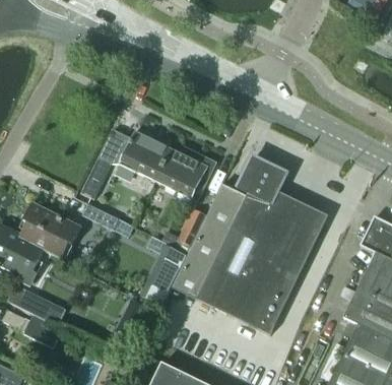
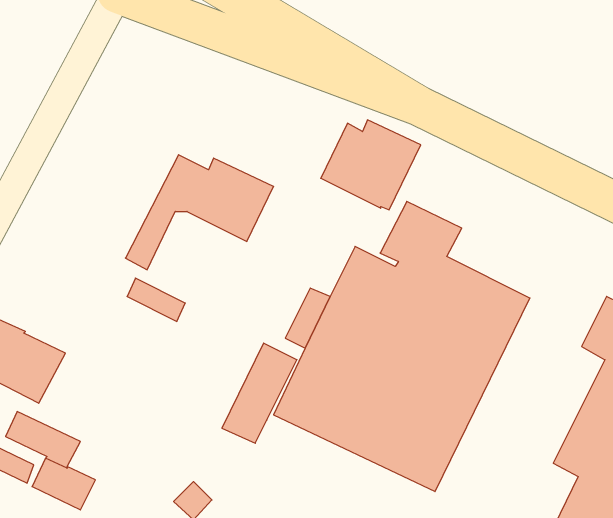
building: [155,146,216,201] -> [321,120,421,210]
building: [19,207,77,259] -> none

